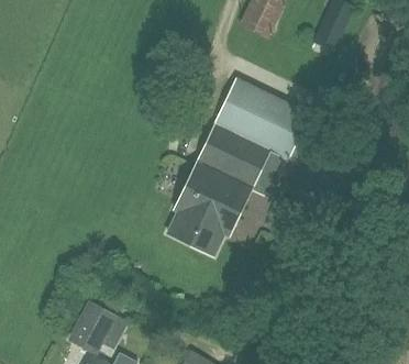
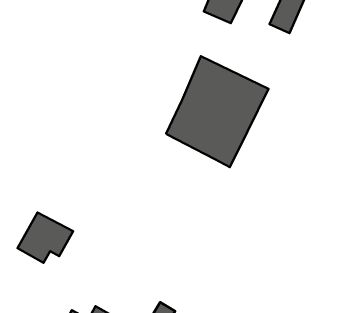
building: [167,162,251,254] -> none
building: [66,298,128,354] -> [18,212,73,263]

